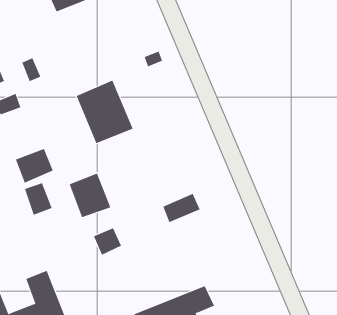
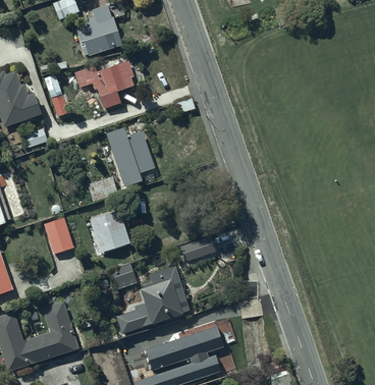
building: none -> [72,57,135,105]
building: [15,148,54,184] -> none
building: none -> [117,266,192,335]

